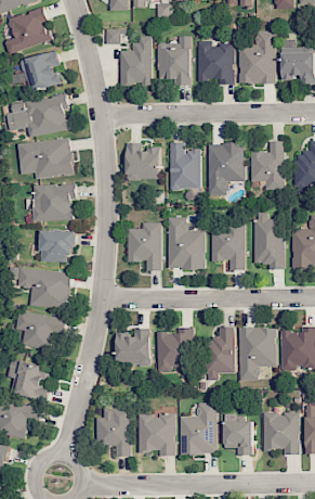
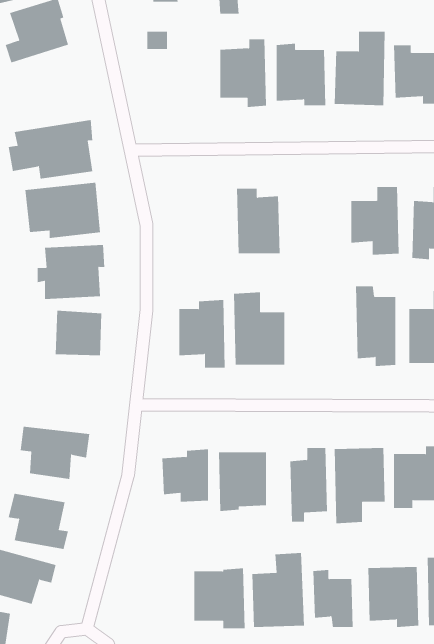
building: [119,35,152,85] -> none
building: [19,51,61,91] -> none
building: [126,142,160,179] -> none
building: [208,143,244,195] -> none
building: [210,226,245,270] -> none
building: [17,268,70,308] -> none
building: [96,407,130,456] -> none

